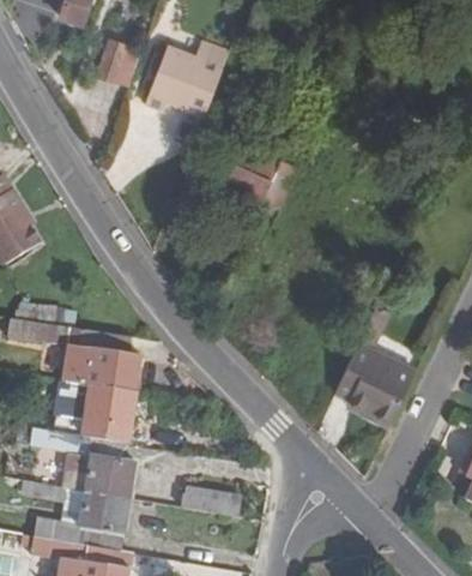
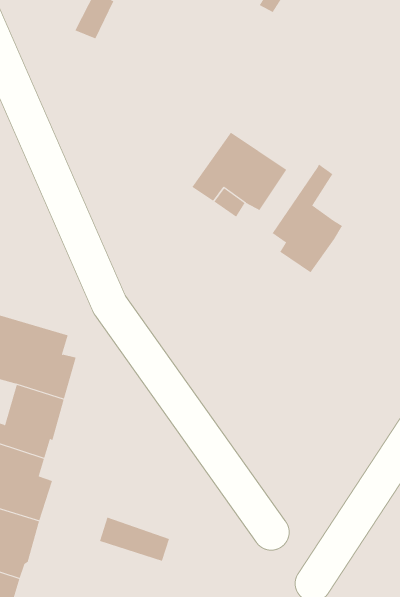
building: [145,40,230,116] -> none
building: none -> [272,164,343,273]
building: [335,306,416,426] -> none

